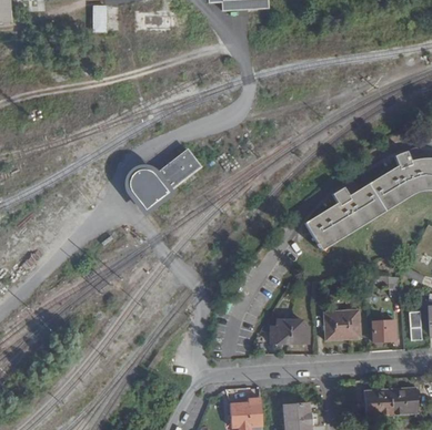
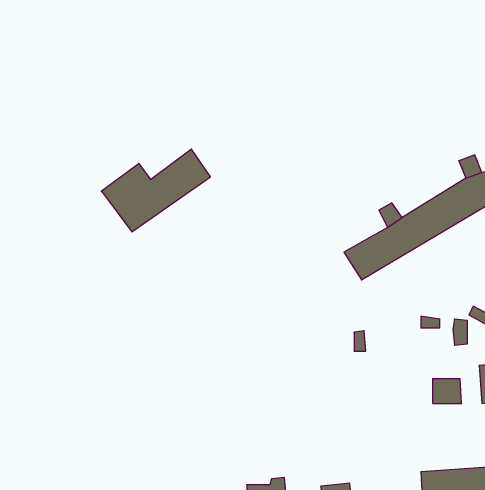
building: [324,311,361,341] -> none
building: [271,320,308,344] -> none

